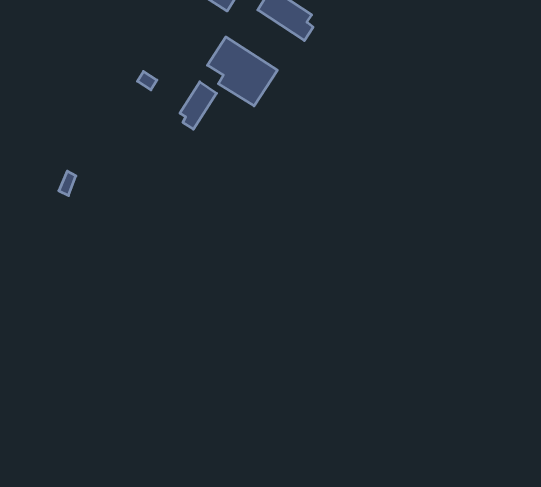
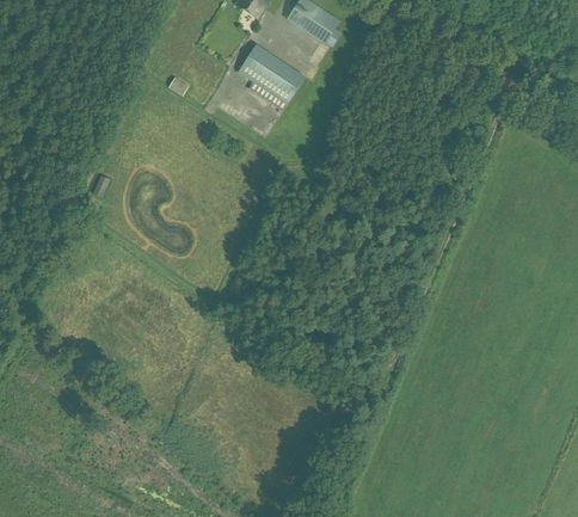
building: [180,82,217,129] -> none

